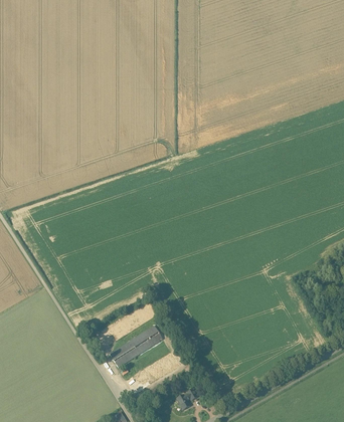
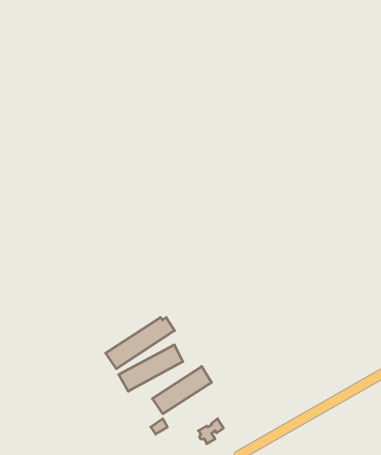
building: none -> [152,366,212,414]

